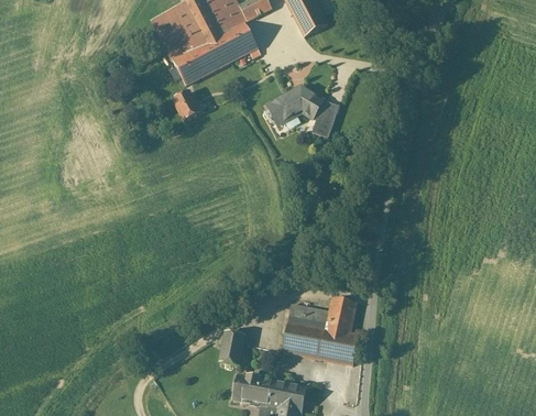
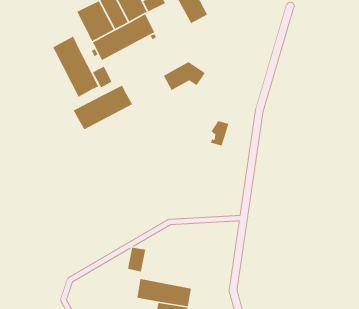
building: none -> [52,36,99,98]
building: [311,102,338,138] -> [210,120,230,147]
building: none -> [73,84,133,131]
building: [282,298,358,365] -> none

